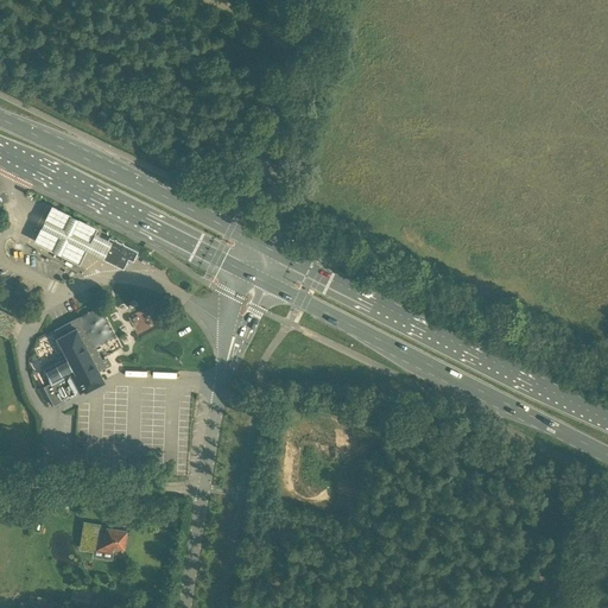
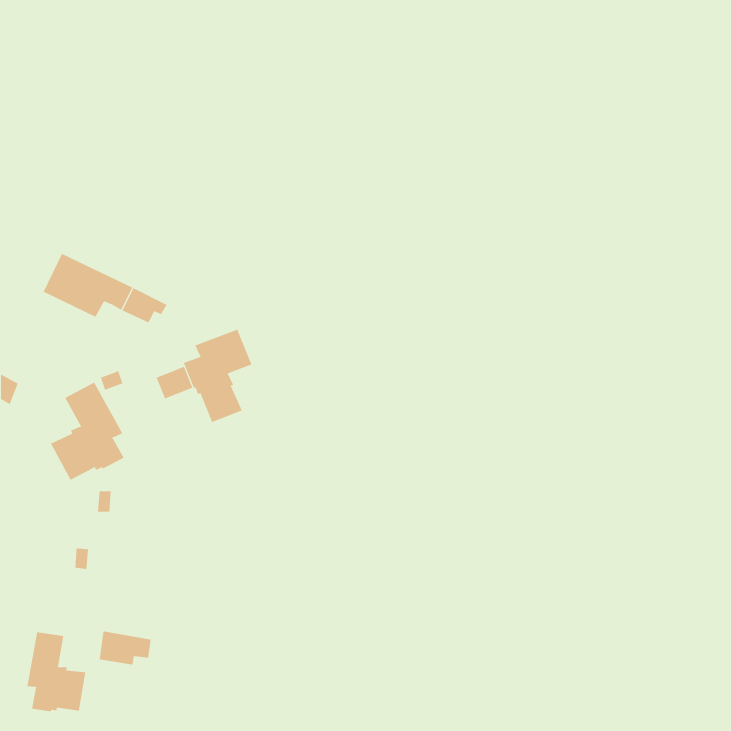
building: none -> [183,329,252,423]
building: none -> [27,631,86,712]

